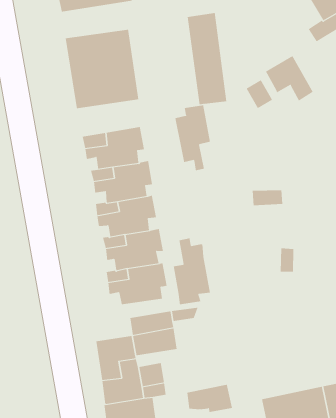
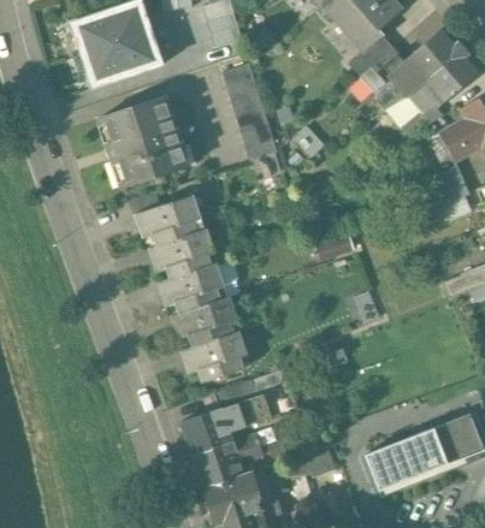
building: [265,55,314,101] -> none
building: [175,104,210,171] -> none
building: [173,237,210,305] -> none

